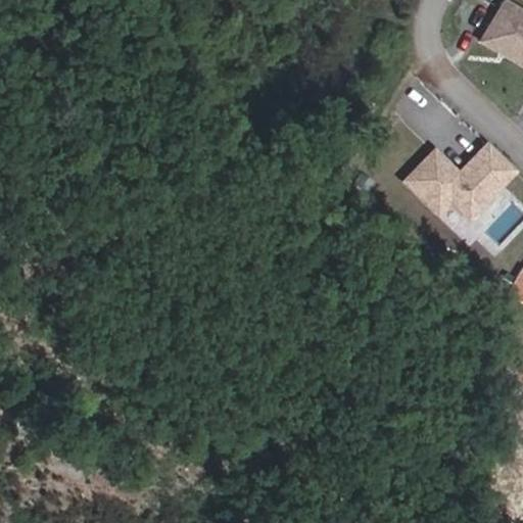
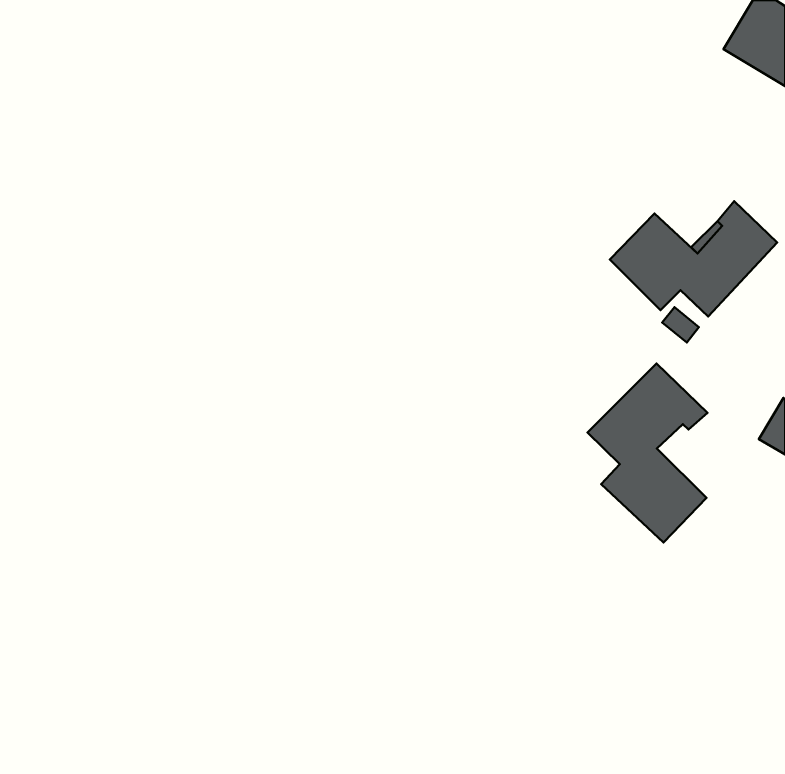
building: none -> [588,364,708,542]

